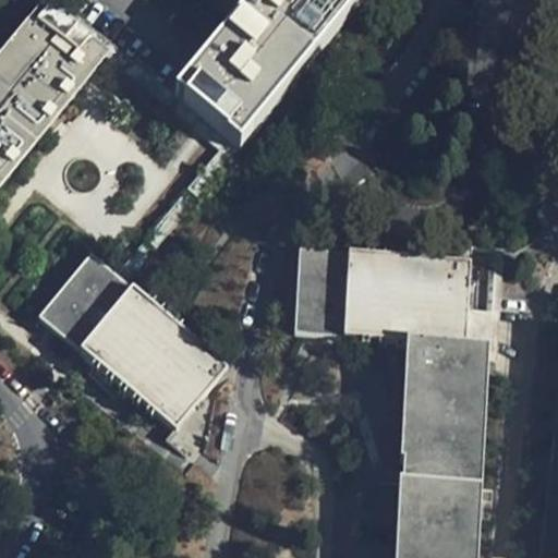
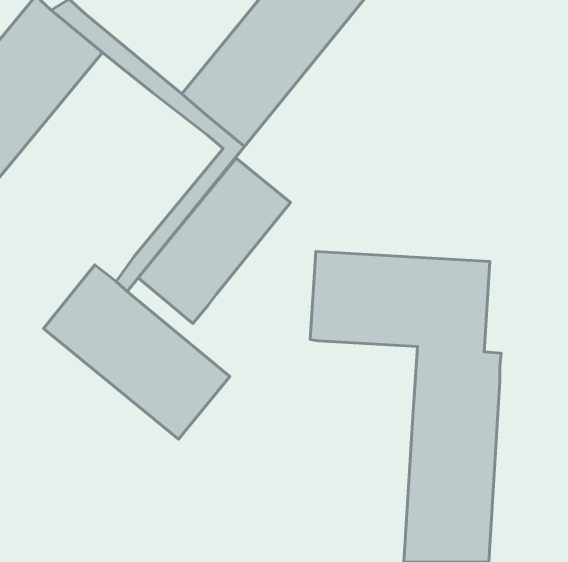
building: none -> [138,158,291,323]

